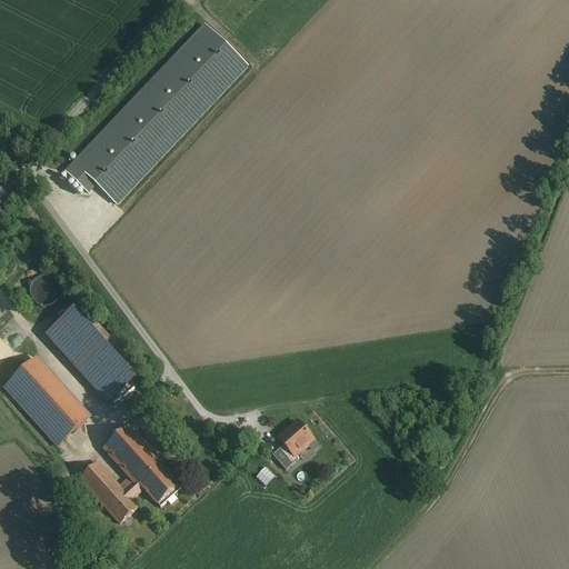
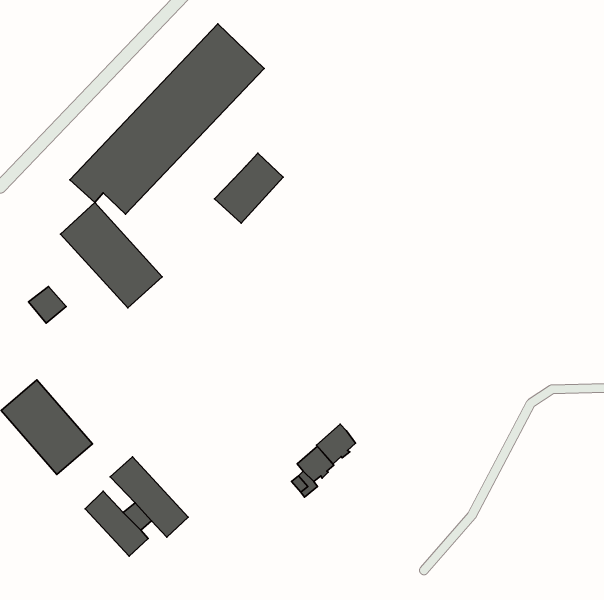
building: none -> [214,153,283,223]
building: [41,302,137,401] -> [60,202,162,308]
building: none -> [316,424,356,464]

